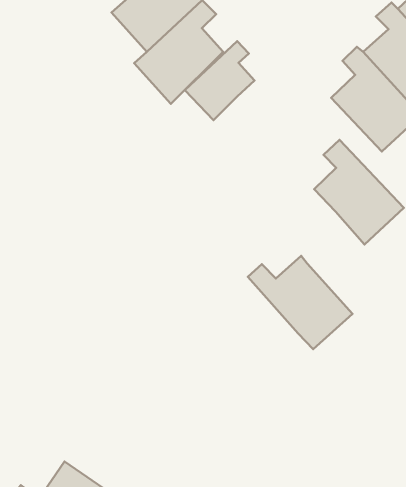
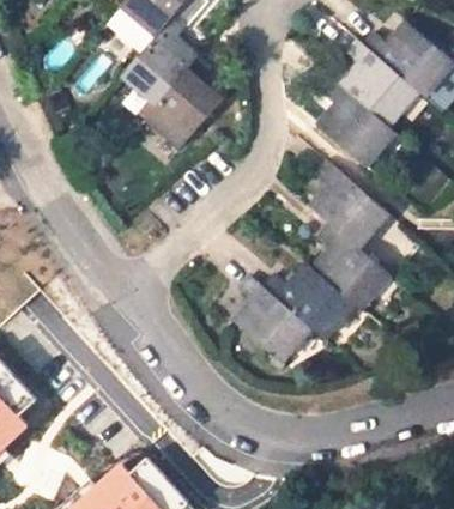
building: [185,41,255,120] -> none
building: none -> [311,224,391,313]
building: none -> [232,277,310,364]

